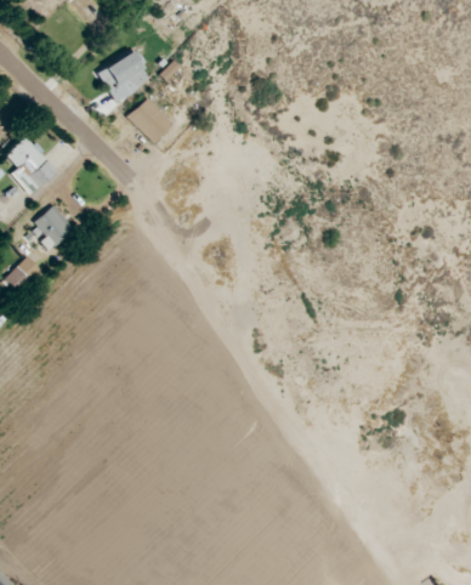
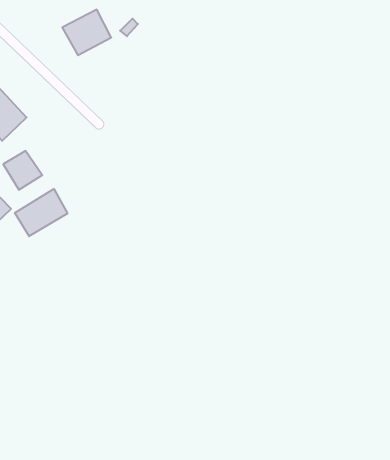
building: [129,96,174,143] -> none
building: none -> [15,189,67,236]

